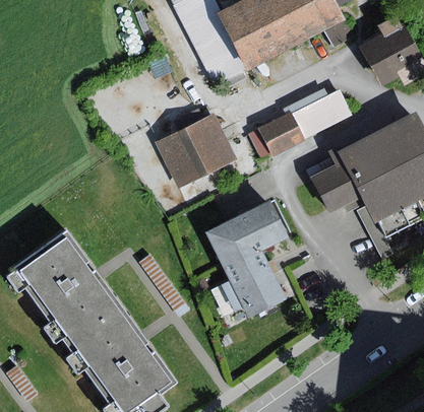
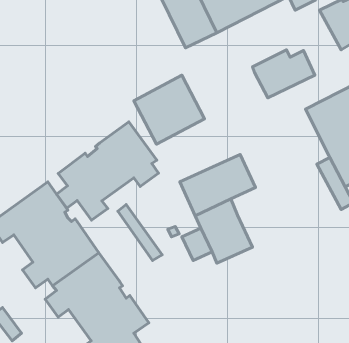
building: [247,112,302,159] -> none
building: [310,144,368,212] -> none
building: none -> [56,122,159,220]

